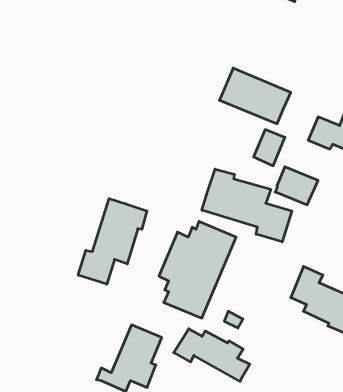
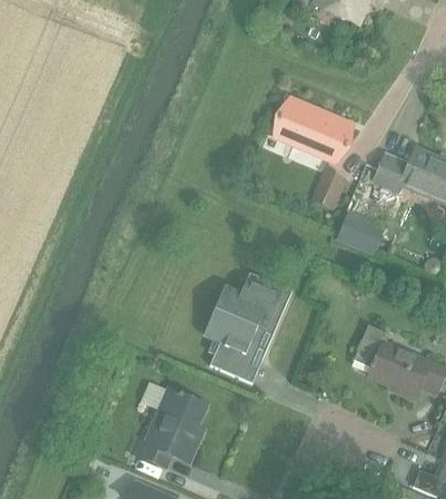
building: [202,169,292,242] -> none
building: [78,199,147,284] -> none
building: [174,329,250,381] -> none

